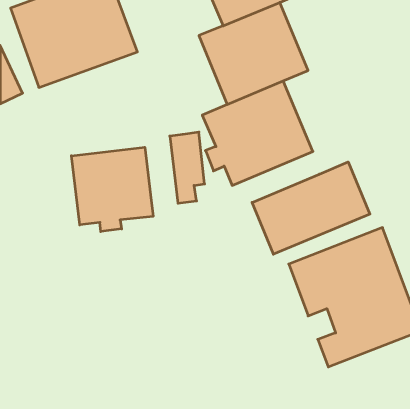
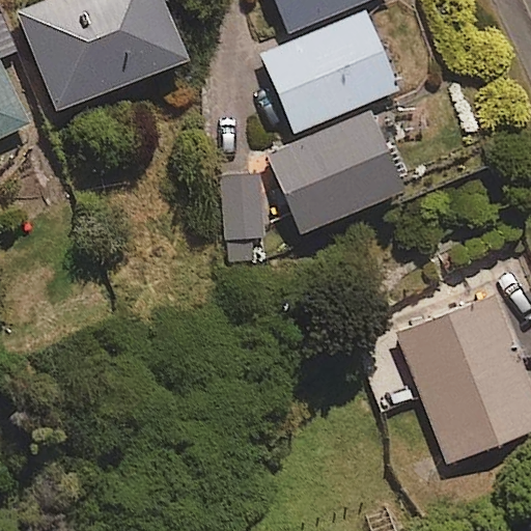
building: [71,147,153,232] -> none
building: [252,162,370,254] -> none

